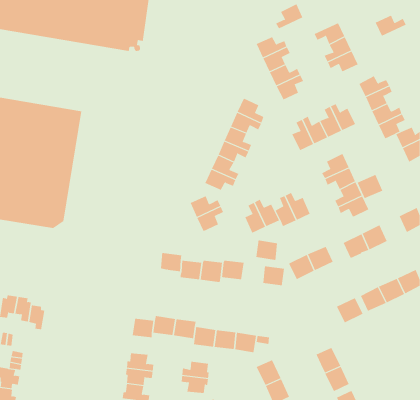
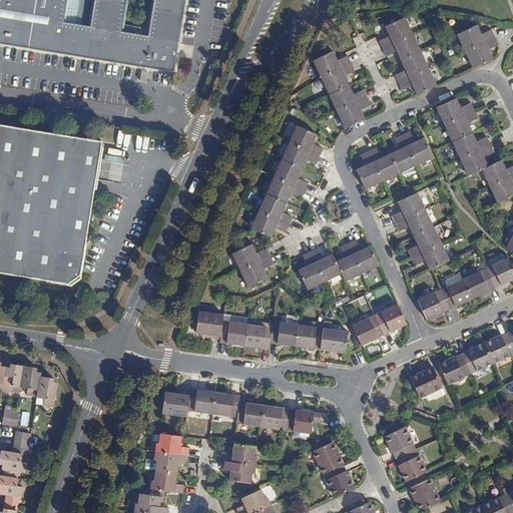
building: [275,3,303,29] -> [378,17,412,48]
building: none -> [464,37,498,68]
building: [357,174,383,199] -> [462,269,494,299]
building: [255,240,278,261] -> [295,325,322,350]

